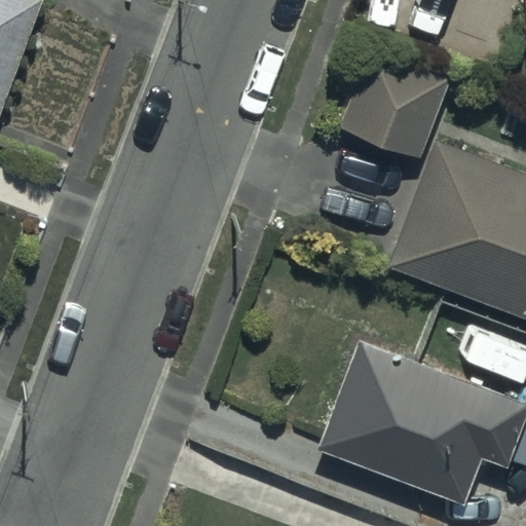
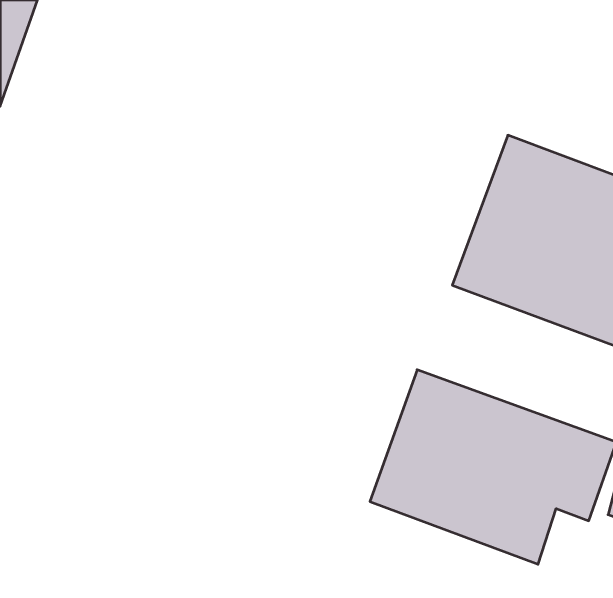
building: [345,40,453,149] -> none

